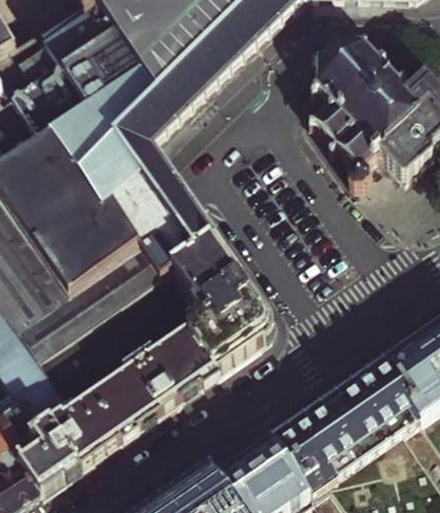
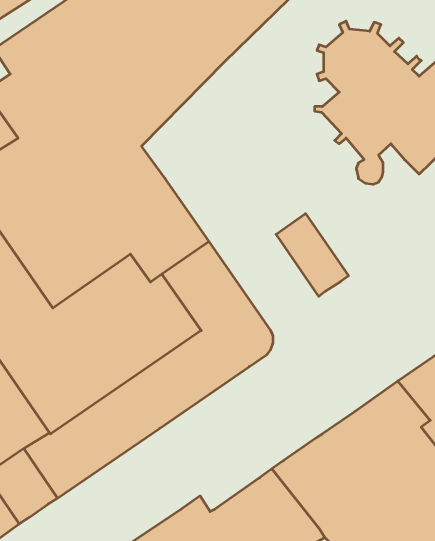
building: none -> [276,214,348,296]

